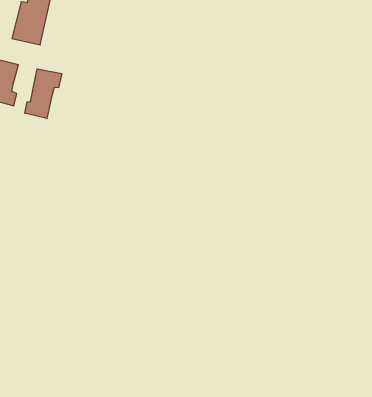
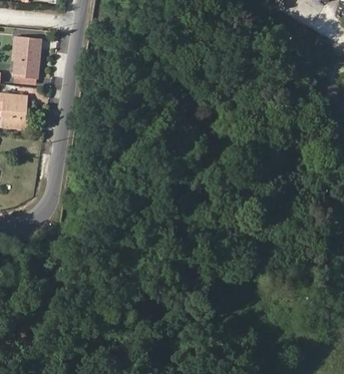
building: [25,69,62,119] -> none

